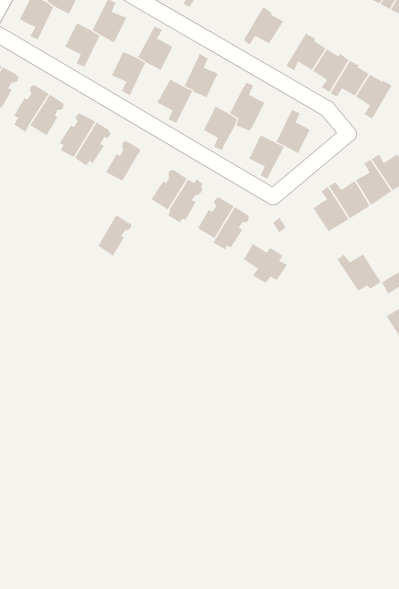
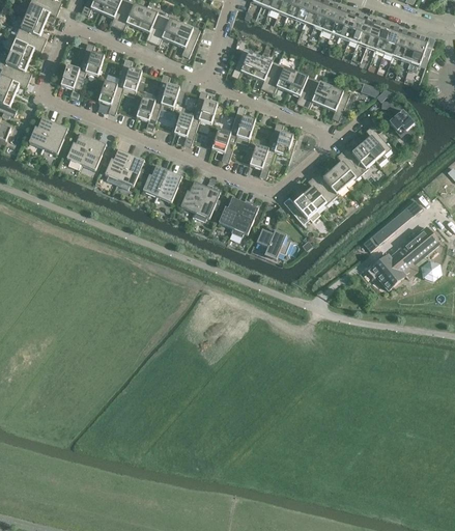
building: none -> [252,57,278,90]
building: [97,214,132,256] -> [157,170,180,202]
building: [337,254,381,292] -> [283,195,319,224]

